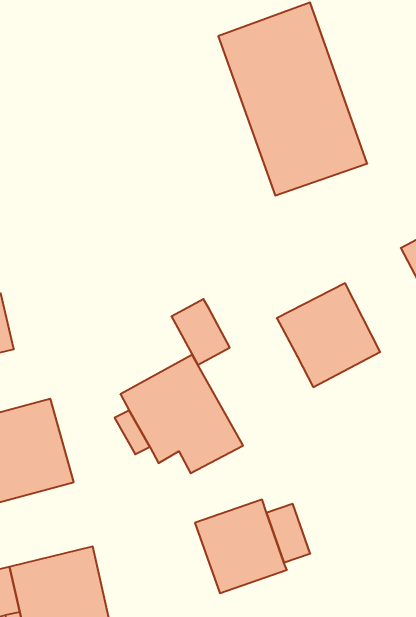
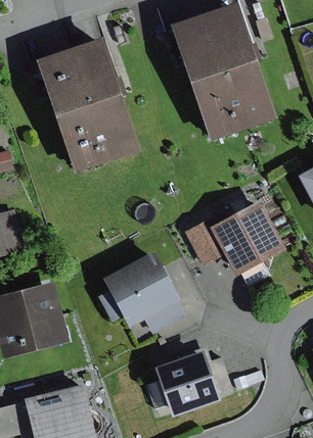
building: none -> [36,40,137,172]
building: [171,299,230,365] -> [184,218,225,264]

